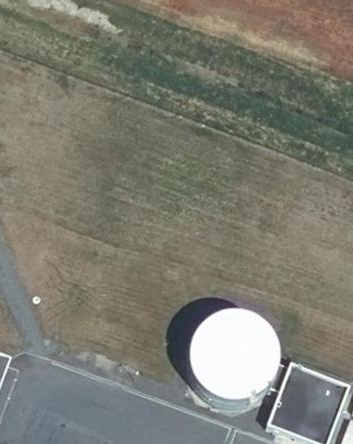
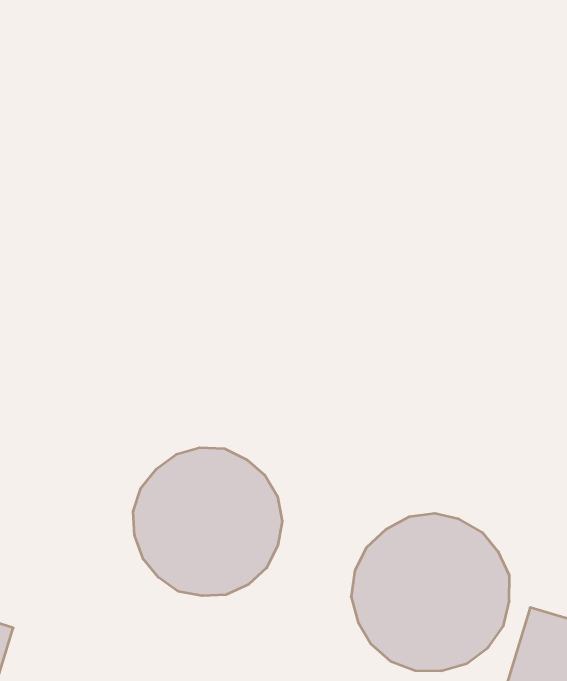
building: none -> [133,448,282,596]

